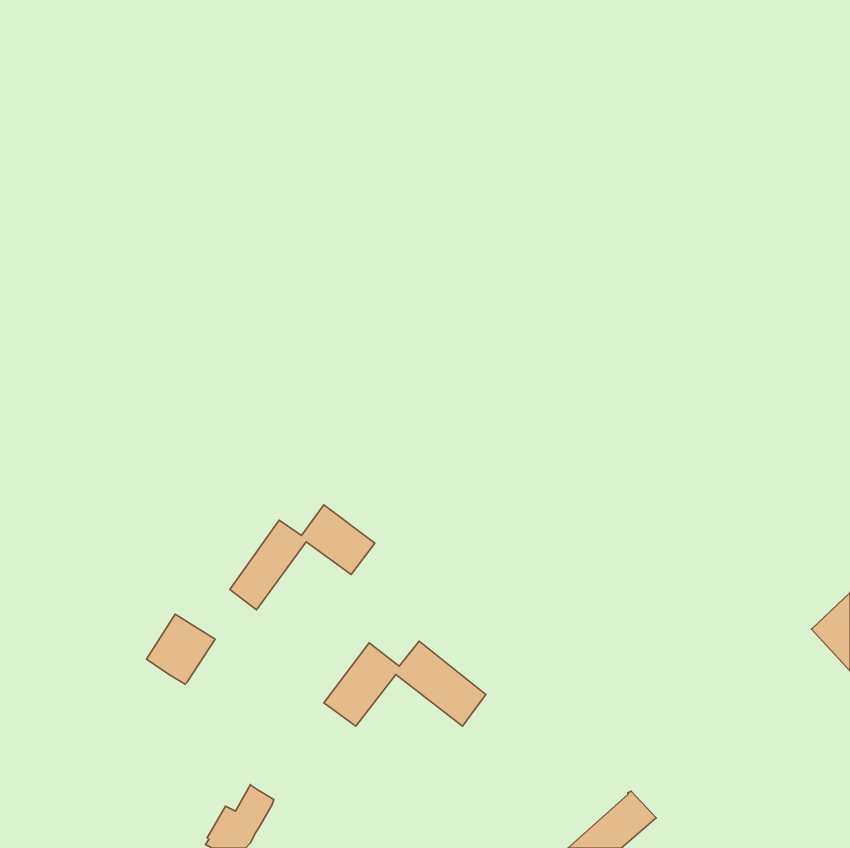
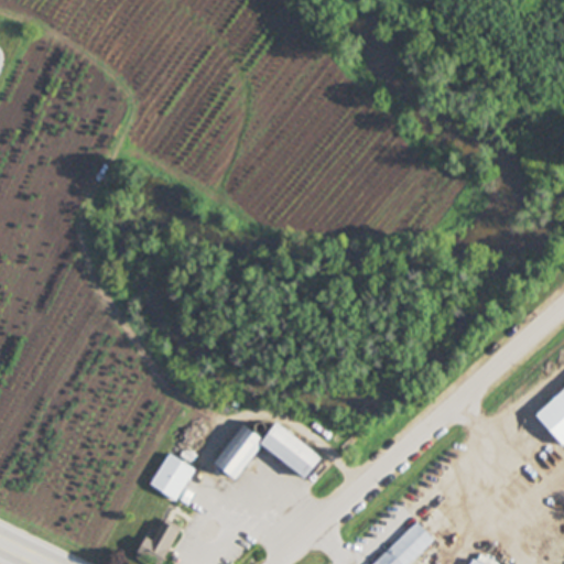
building: [230,505,375,610] -> none
building: [147,614,215,684] -> [150,454,195,500]

